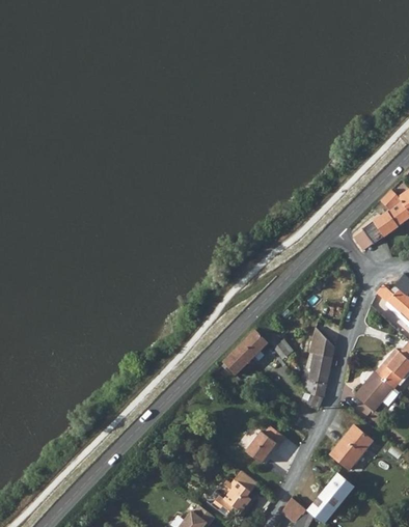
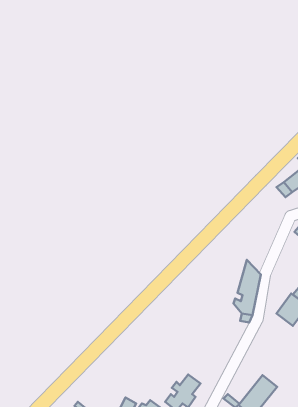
building: [223,330,268,375] -> none
building: [330,424,373,469] -> none
building: [246,426,285,464] -> none

